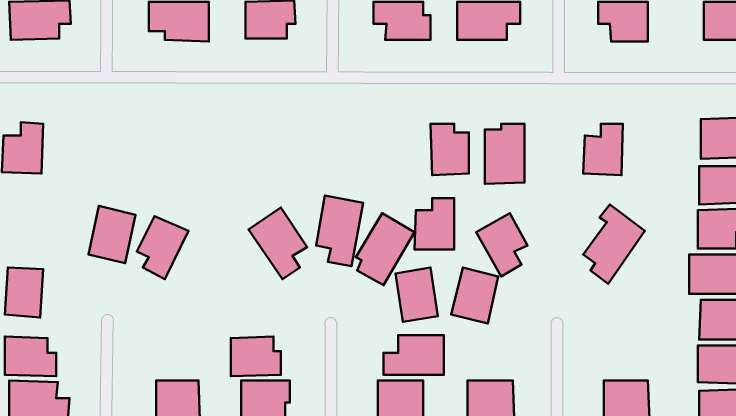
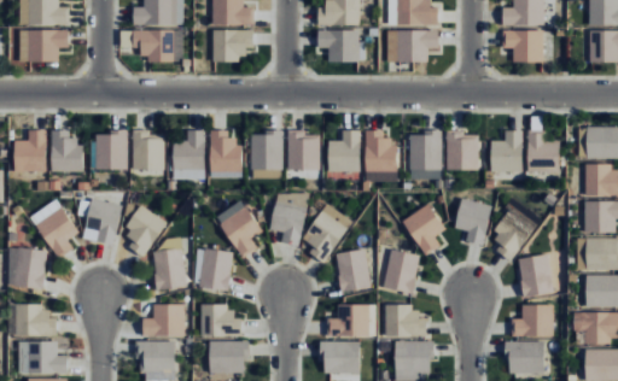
building: none -> [51,129,83,172]
building: none -> [173,129,205,180]
building: none -> [95,130,128,170]
building: none -> [210,130,240,172]
building: none -> [288,130,320,170]
building: none -> [447,130,479,170]
building: none -> [527,130,560,172]
building: none -> [133,131,165,170]
building: none -> [251,133,282,178]
building: [414,198,454,250] -> [327,130,360,172]
building: none -> [454,198,492,245]
building: none -> [29,199,80,259]
building: none -> [153,238,185,289]
building: none -> [192,247,233,292]
building: none -> [517,253,554,298]
building: none -> [142,304,183,336]
building: none -> [512,304,553,338]
building: none -> [384,305,426,338]

